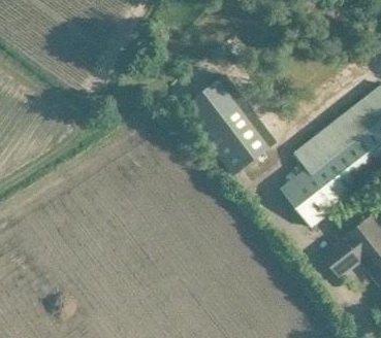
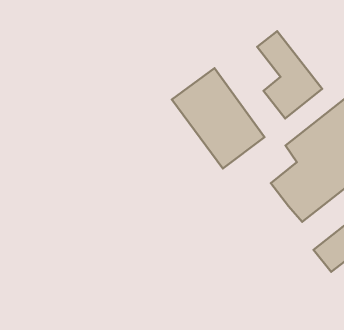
building: none -> [257,31,322,119]

